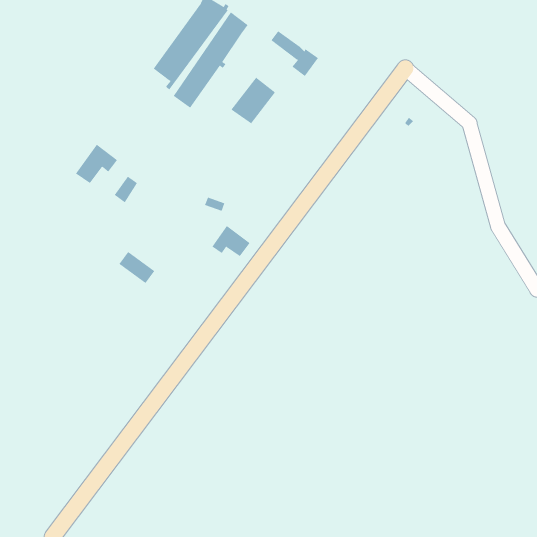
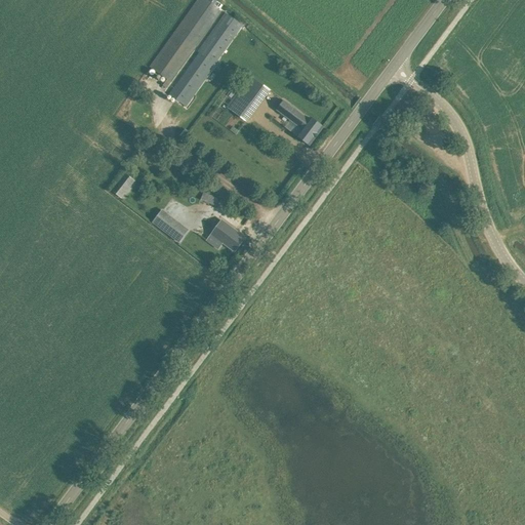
building: [271,31,319,77] -> [275,99,322,145]
building: [75,144,118,184] -> none
building: [118,251,155,284] -> [152,210,188,242]

